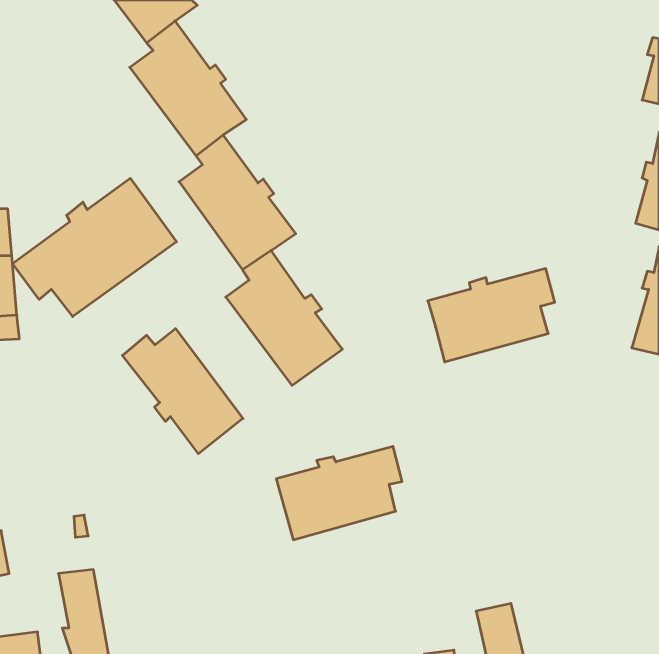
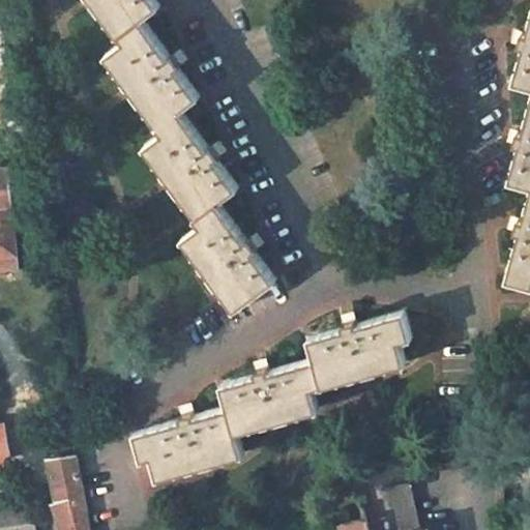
building: [12,178,176,317] -> none
building: [428,269,555,362] -> [307,317,409,391]
building: [122,329,243,454] -> none
building: none -> [134,412,241,483]

